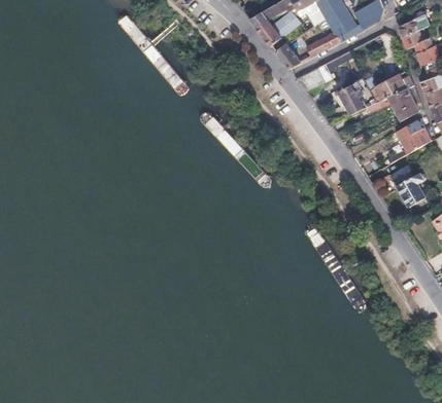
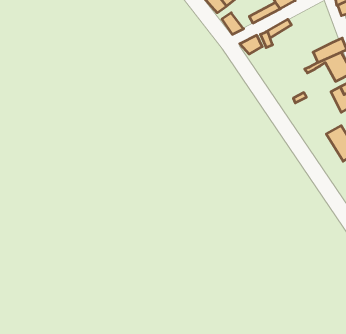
building: [335,83,372,114] -> none

